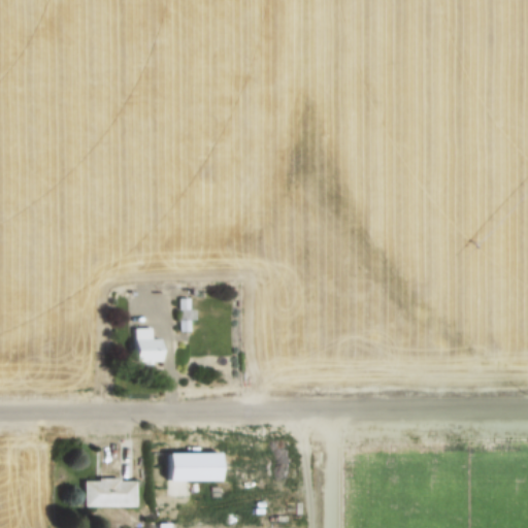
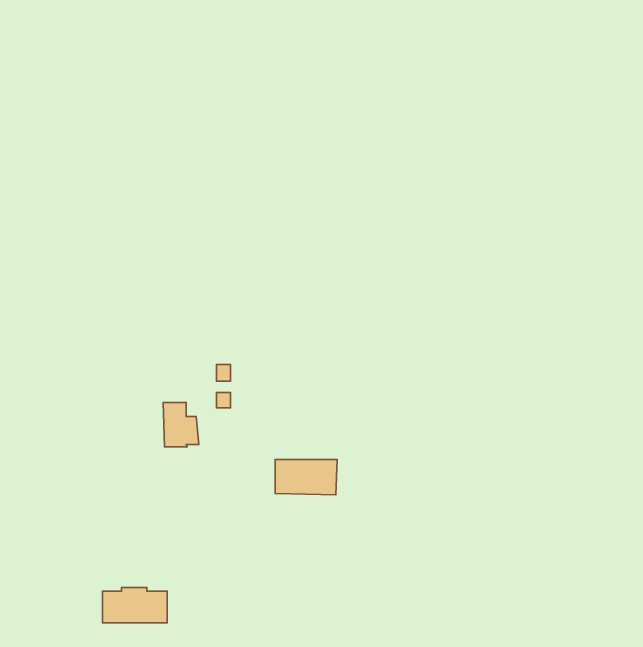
building: [173,453,224,482] -> [275,459,337,495]

